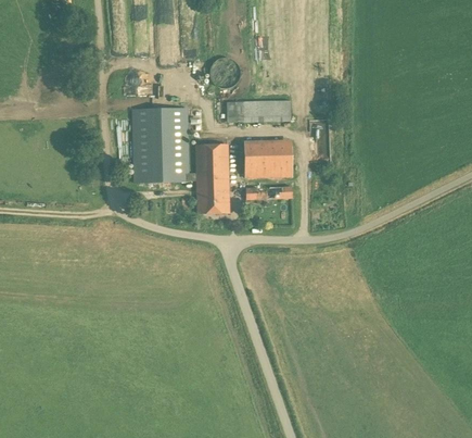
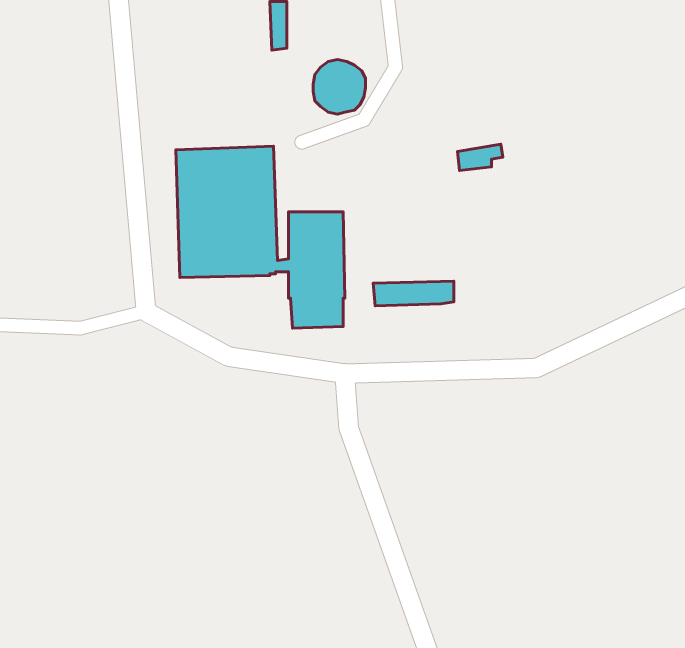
building: [237,101,291,123] -> none
building: [244,139,293,178] -> none

